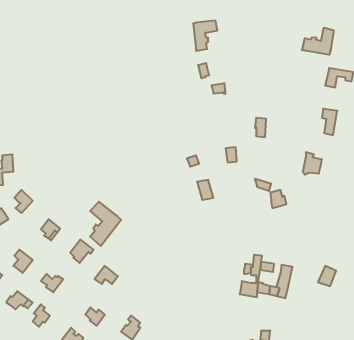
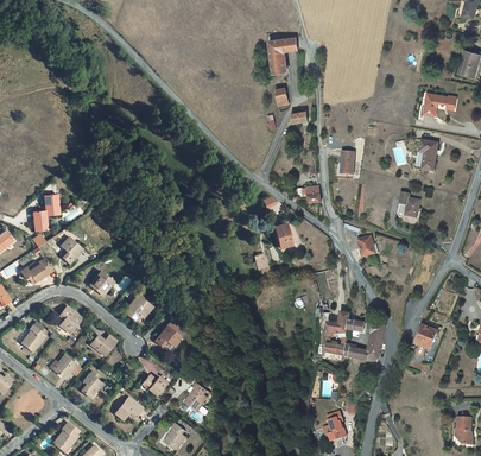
building: [302,28,334,55] -> none
building: [90,202,121,246] -> none

